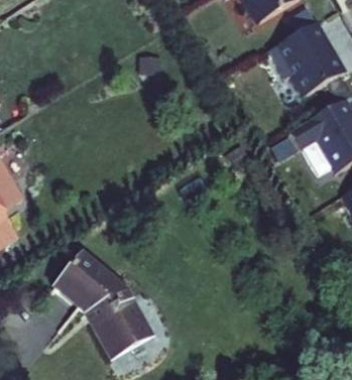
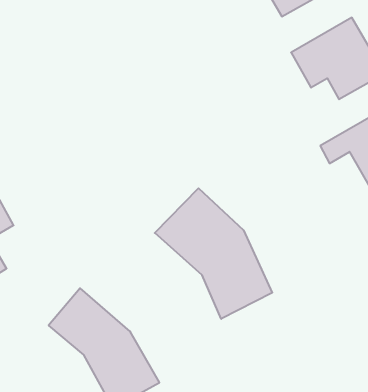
building: none -> [155,188,272,319]

